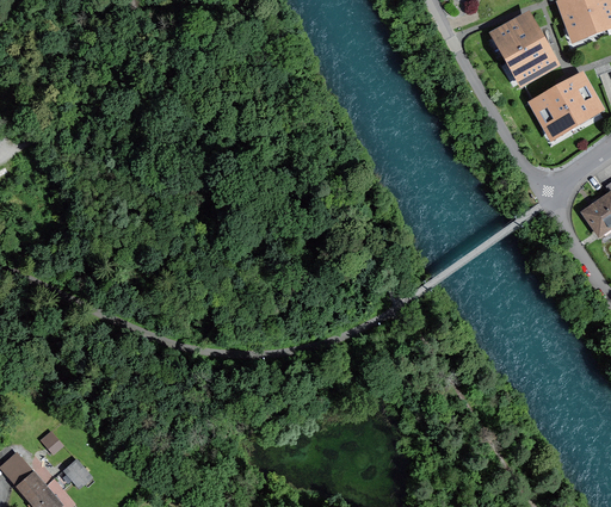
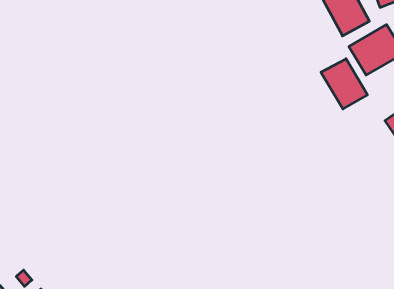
building: none -> [321,59,367,109]

